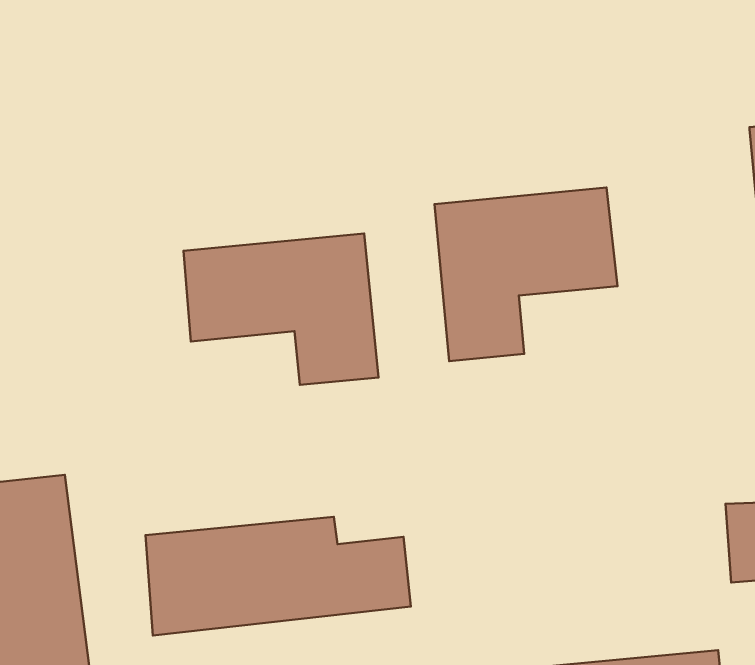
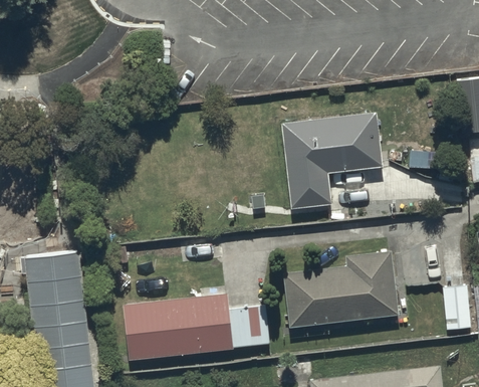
building: [184,234,379,385] -> none
building: none -> [284,251,399,327]

